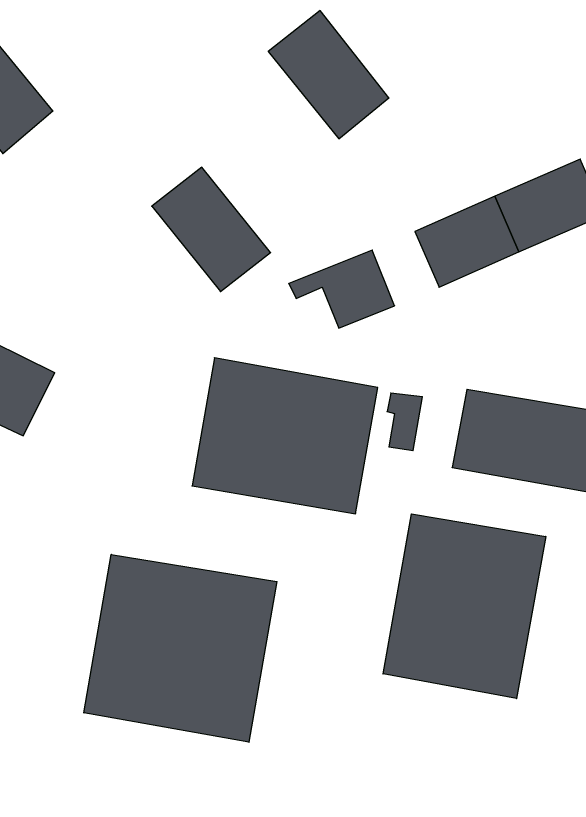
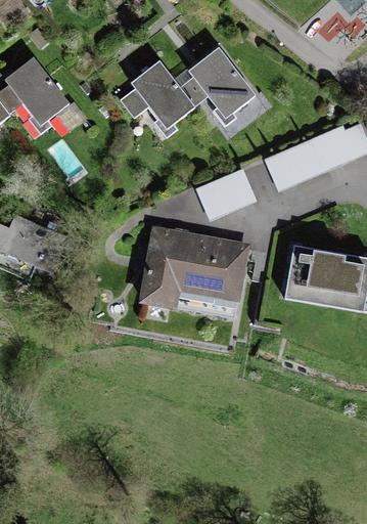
building: [152,167,271,292] -> [129,59,194,128]
building: [383,514,546,699] -> none
building: [84,554,277,742] -> none

